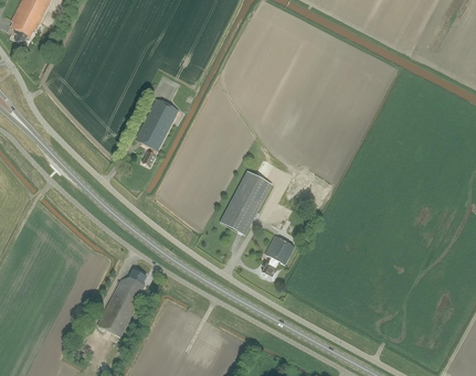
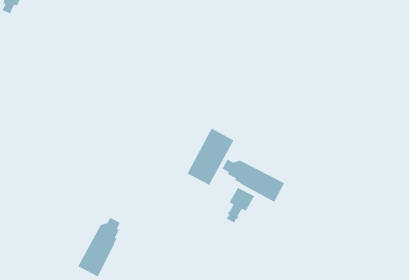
building: [135,98,181,165] -> none
building: none -> [222,158,285,203]

